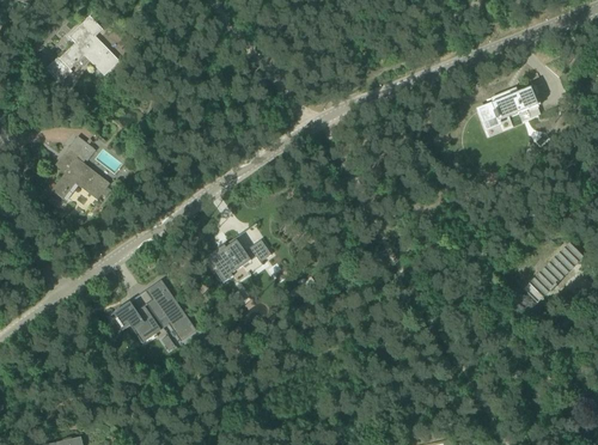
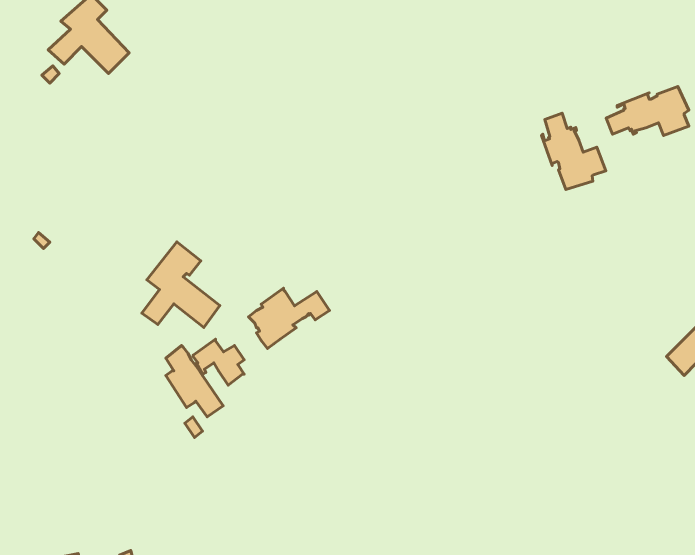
building: none -> [542,113,606,189]
building: [51,136,110,201] -> [142,242,220,328]
building: [114,301,152,336] -> [193,339,244,385]

